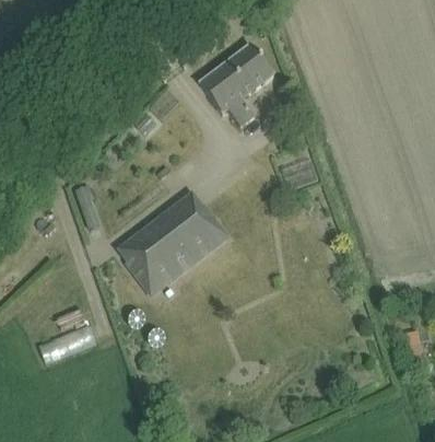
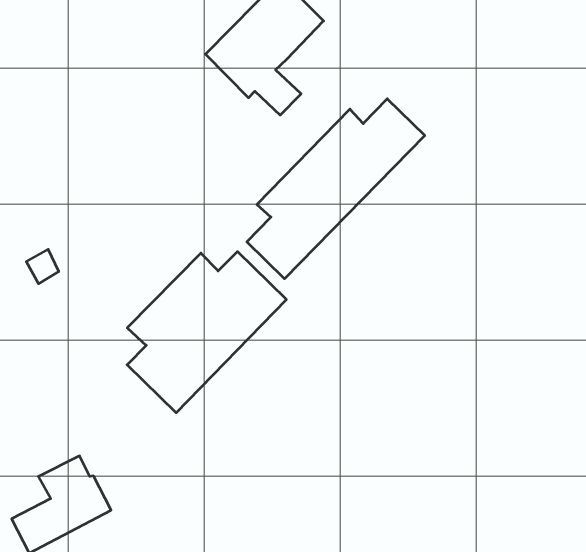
building: none -> [247,99,425,279]

